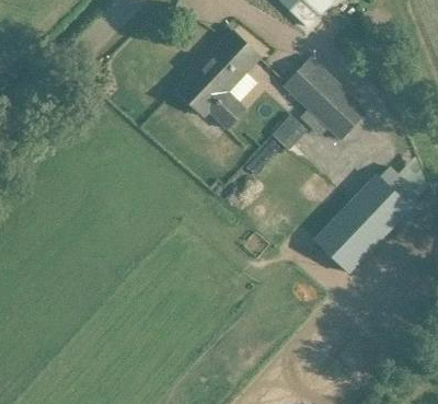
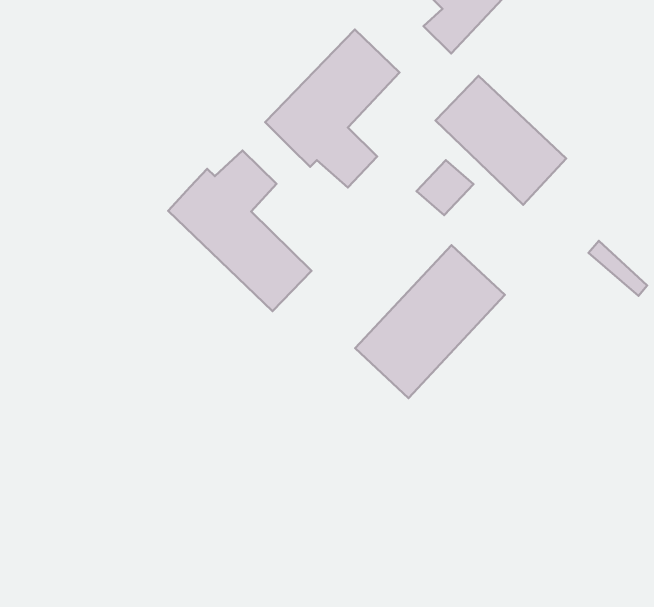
building: none -> [168,150,312,311]
building: [314,173,410,270] -> [355,245,505,398]

